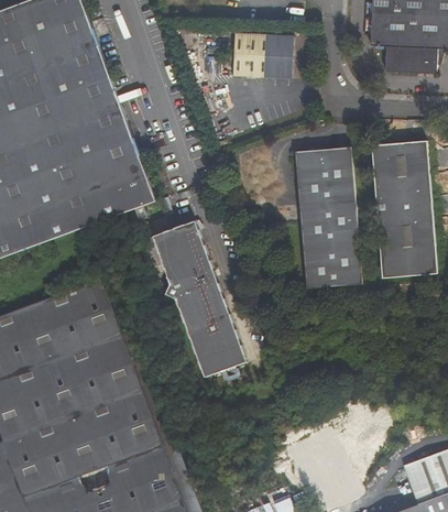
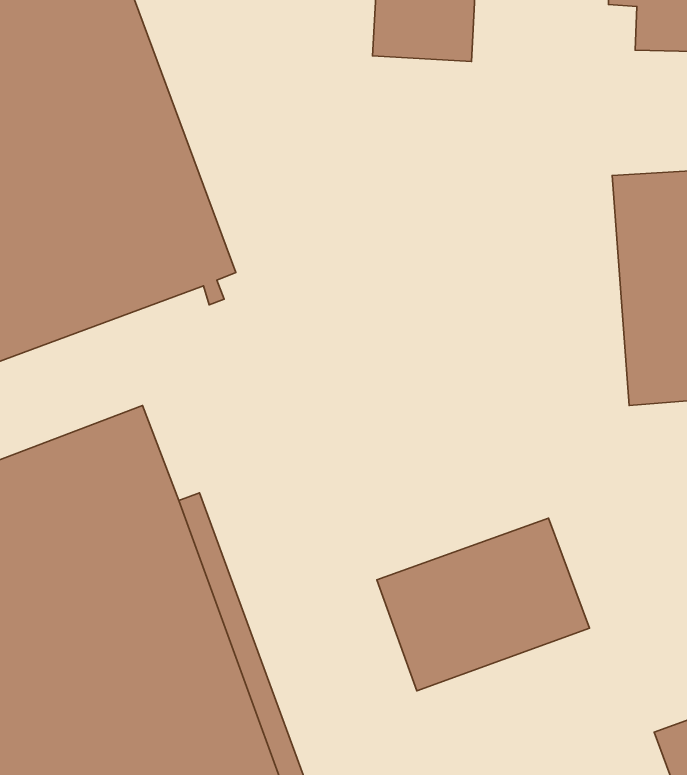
building: [295,149,362,288] -> none
building: [153,222,245,378] -> none
building: none -> [377,518,590,691]

